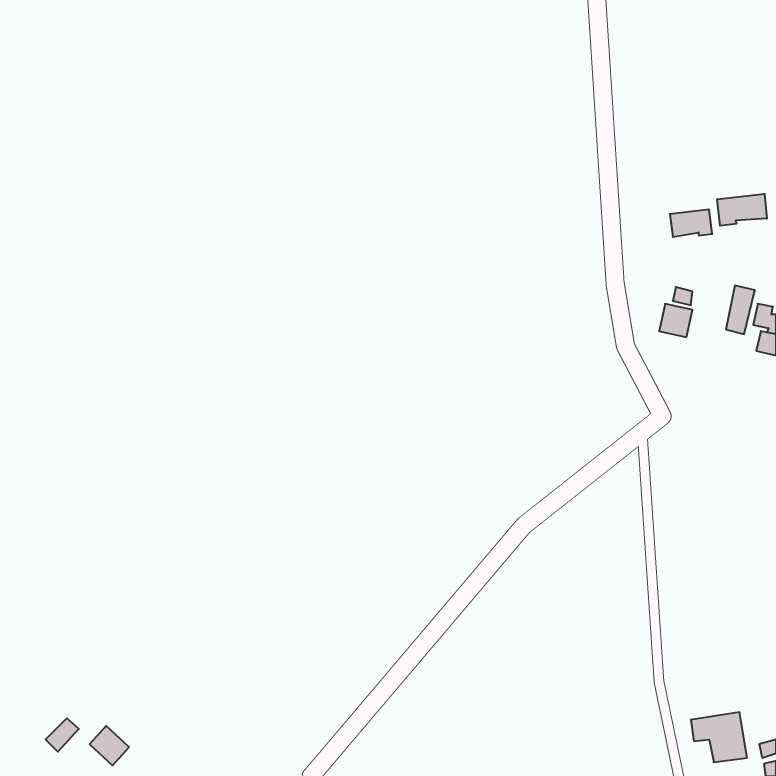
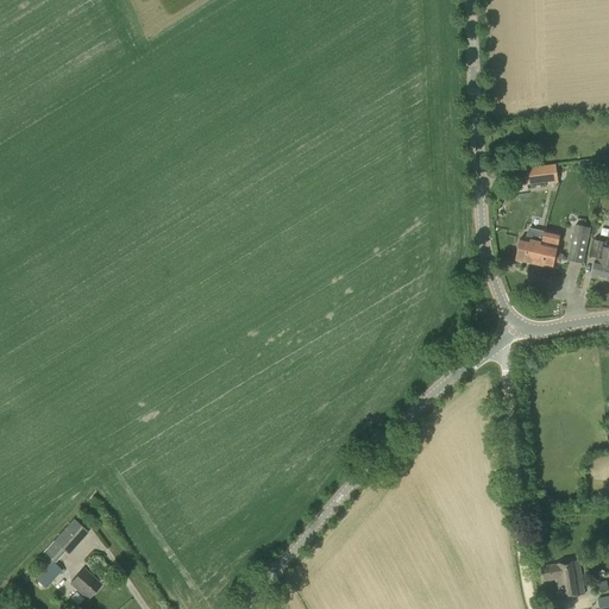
building: [717,194,767,226] -> none
building: none -> [538,228,564,268]
building: none -> [44,520,87,561]

